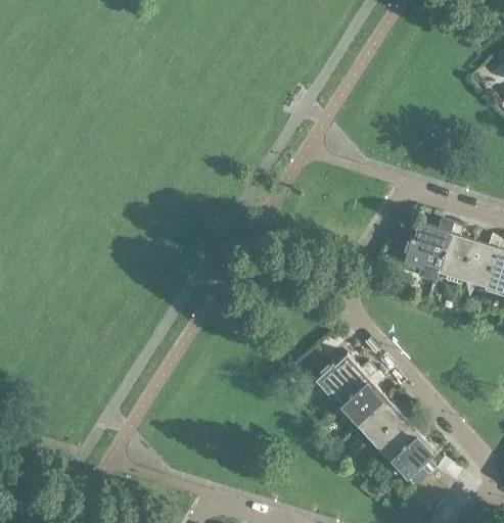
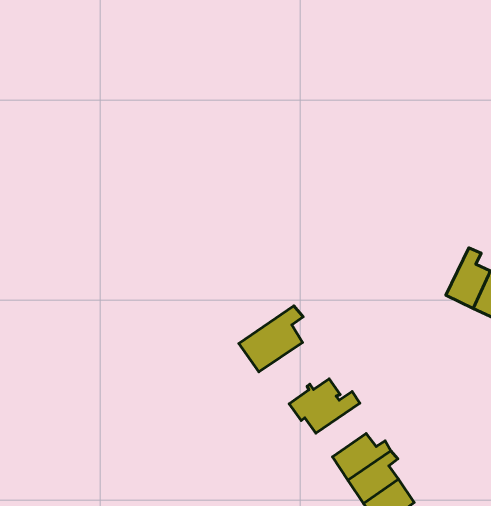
building: [403,224,451,272] -> none
building: none -> [239,306,303,372]
building: [340,376,384,426] -> none

